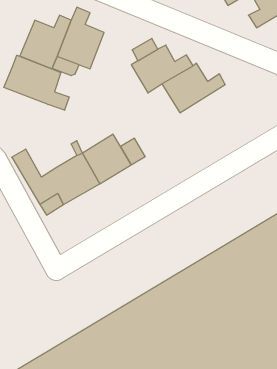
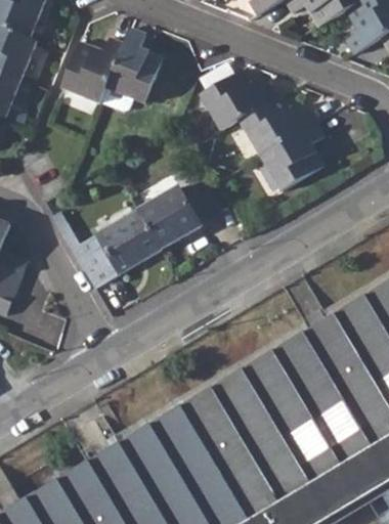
building: [4,55,69,110] -> none
building: none -> [259,125,325,194]

